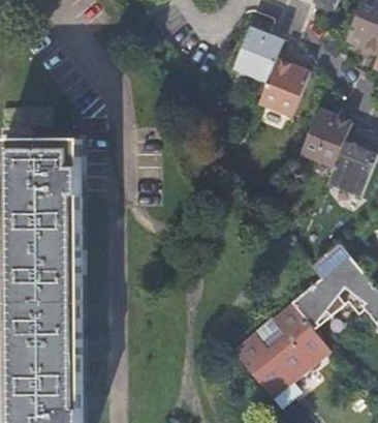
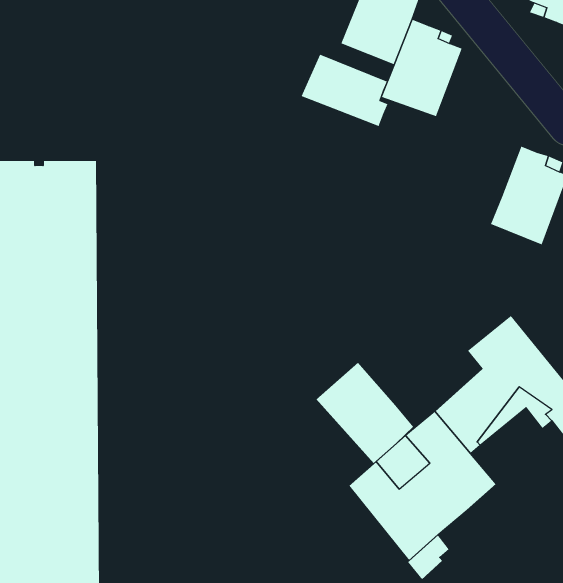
building: none -> [301,54,388,127]
building: [300,110,351,167] -> none
building: none -> [316,362,414,464]

